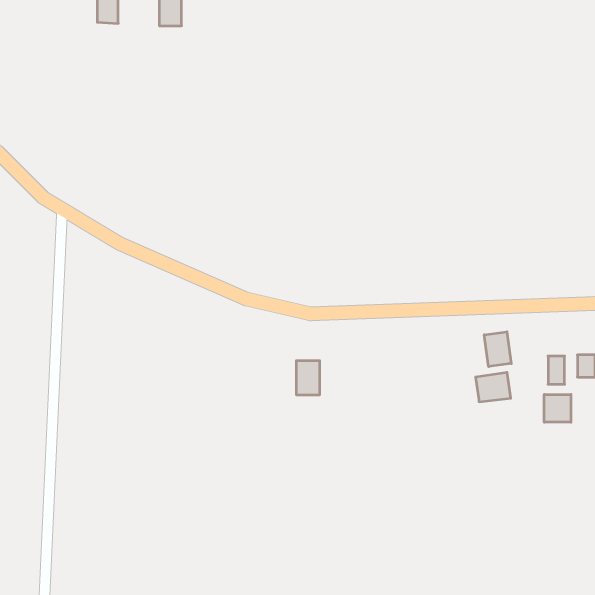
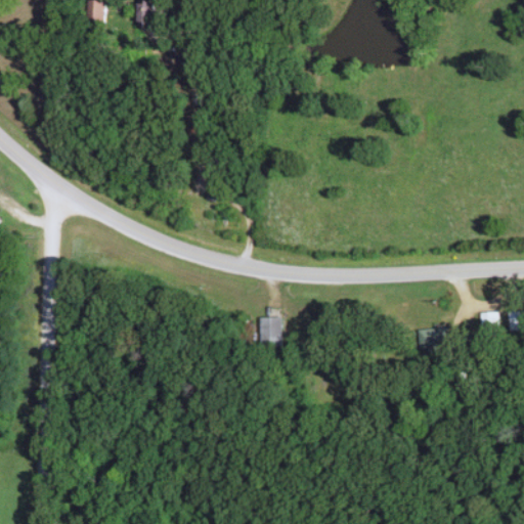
building: [484,332,511,367] -> none
building: [544,394,571,422] -> none

